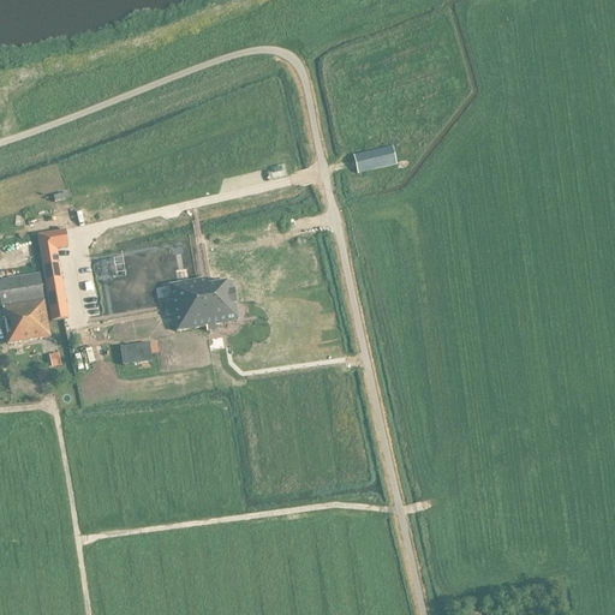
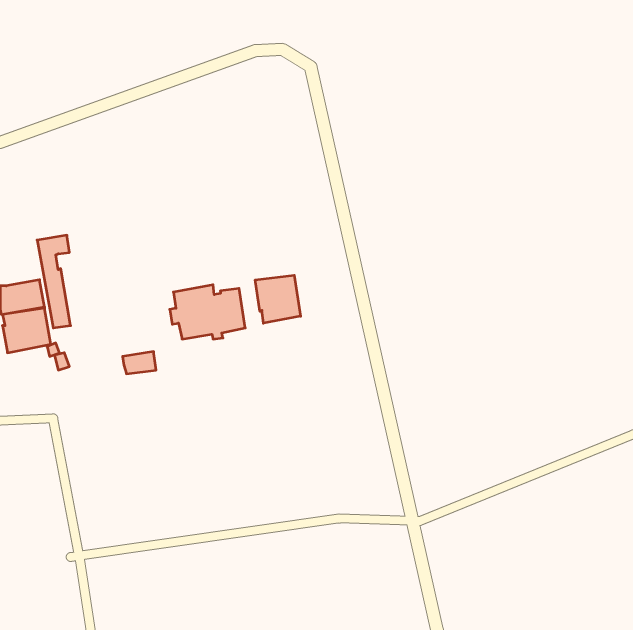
building: [353,144,396,171] -> none
building: none -> [255,275,301,323]

